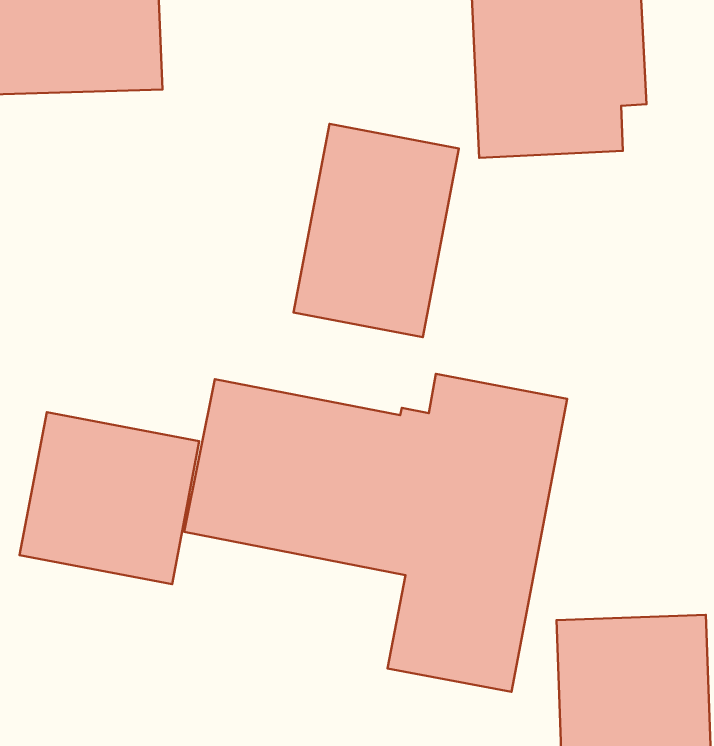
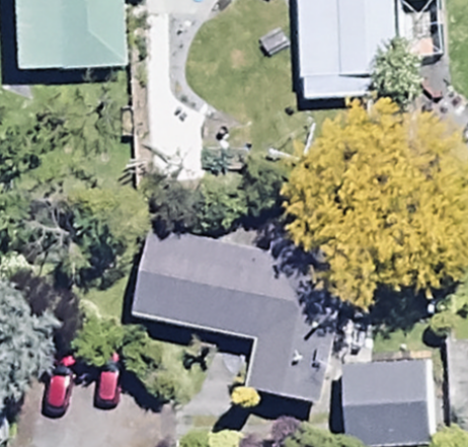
building: [294,124,459,337] -> none
building: [20,412,199,584] -> none

